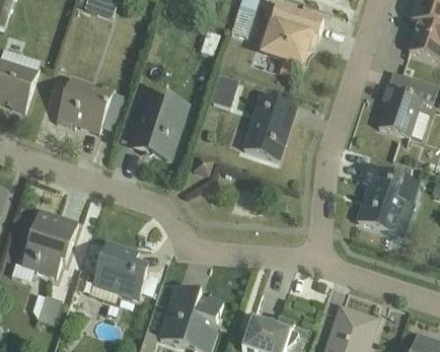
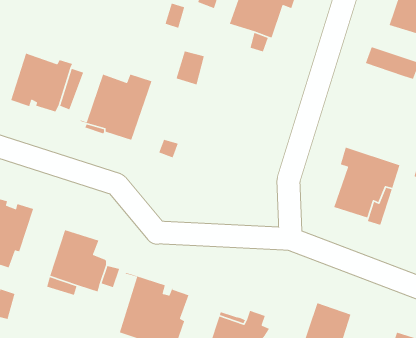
building: [378,86,429,138] -> none
building: [243,94,295,159] -> none

